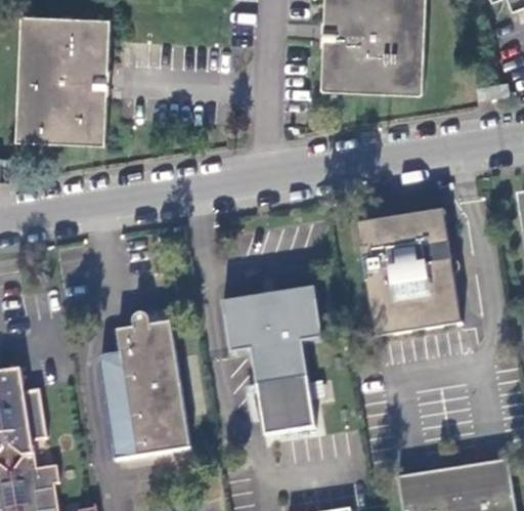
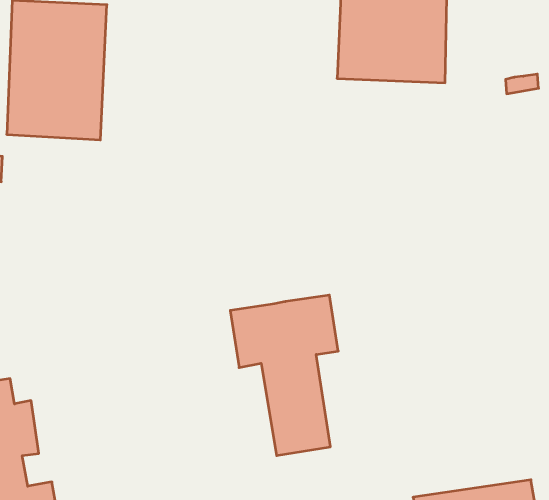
building: [352,208,456,334] -> none
building: [98,306,191,461] -> none

